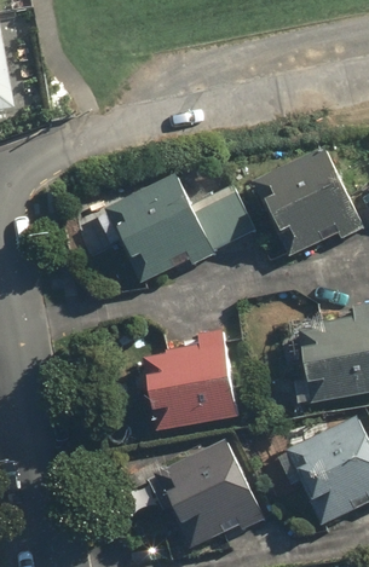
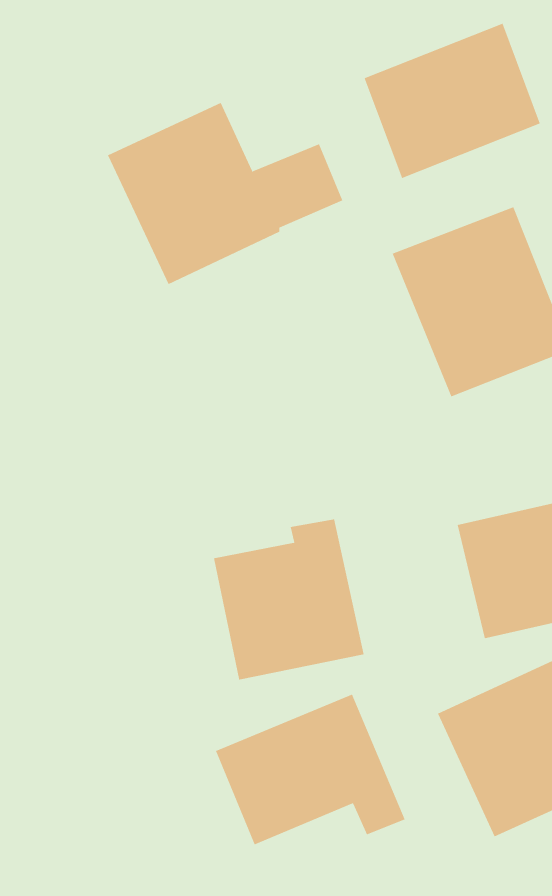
building: none -> [364,23,541,179]
building: [105,170,250,283] -> [107,102,343,285]

